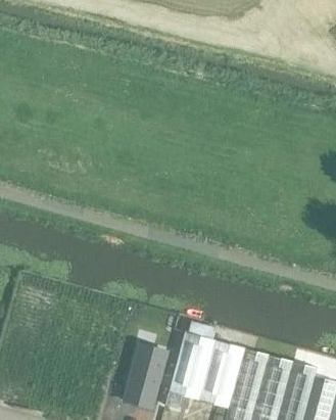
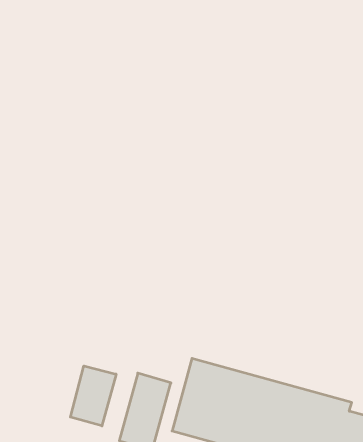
building: none -> [70,366,116,426]

